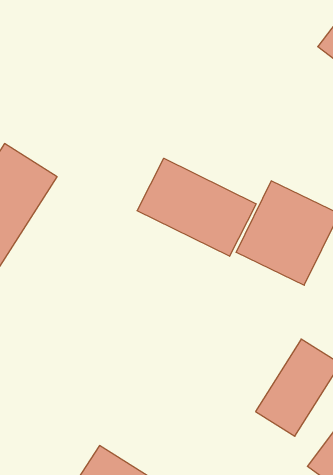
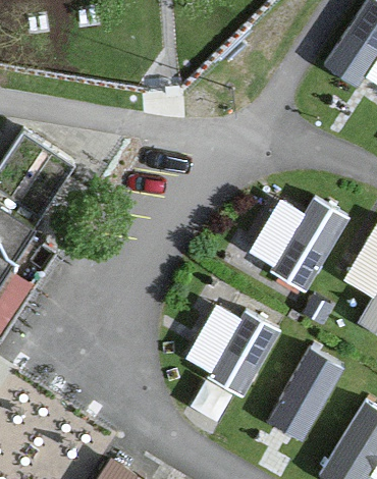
building: [137,158,256,256] -> none
building: none -> [183,294,281,392]

